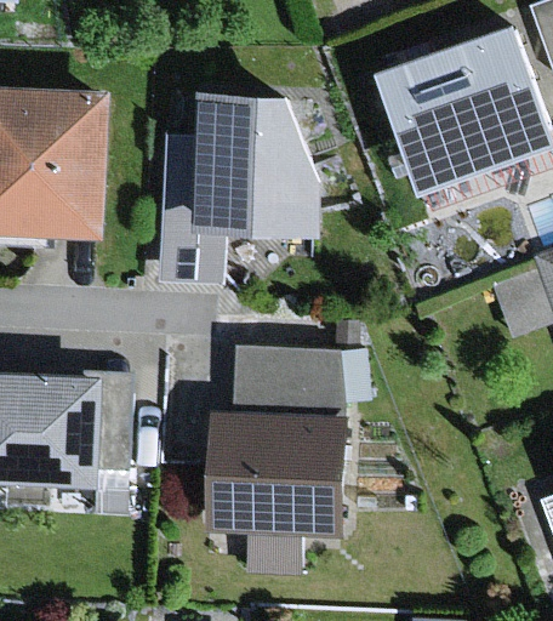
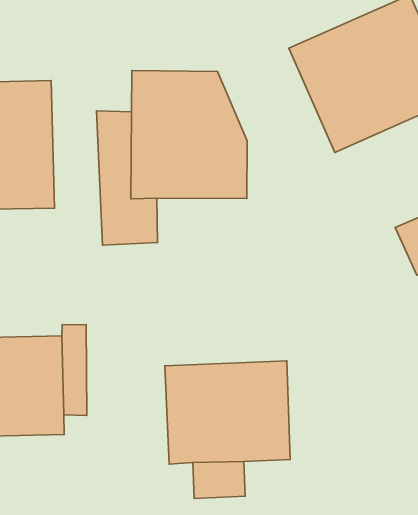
building: [229,344,369,408] -> none

